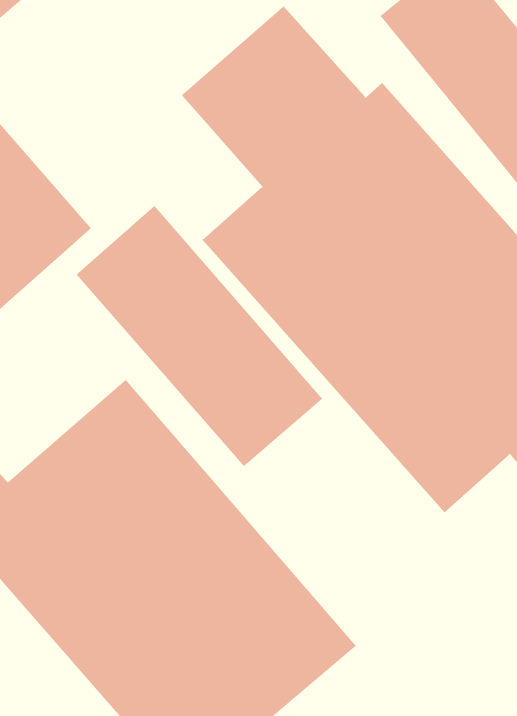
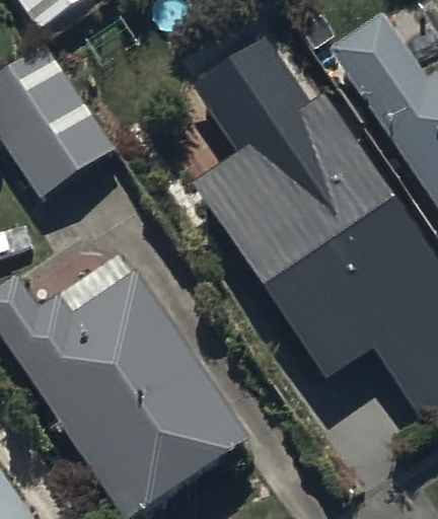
building: [75,205,323,467] -> none

